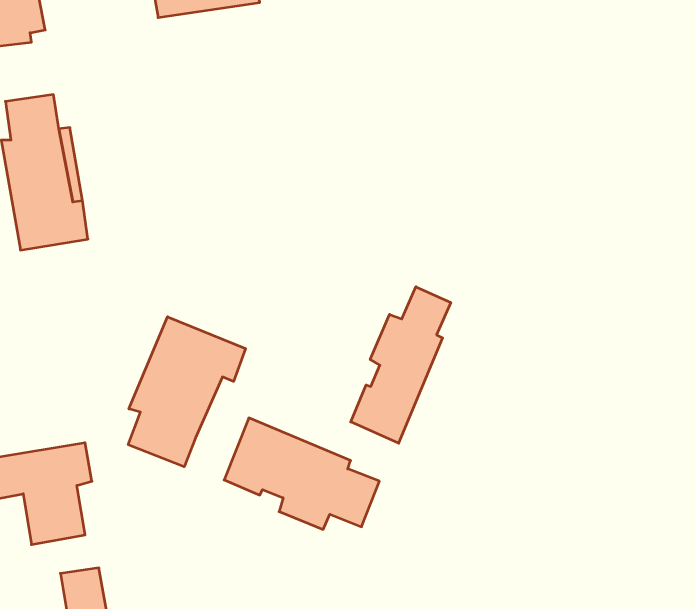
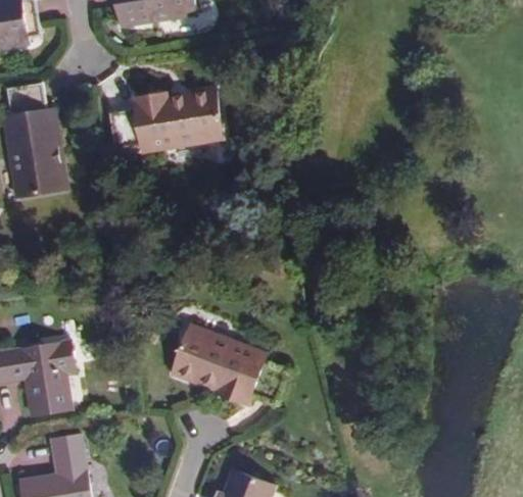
building: none -> [110,89,225,153]
building: [351,287,451,443] -> none
building: [128,317,246,467] -> none

